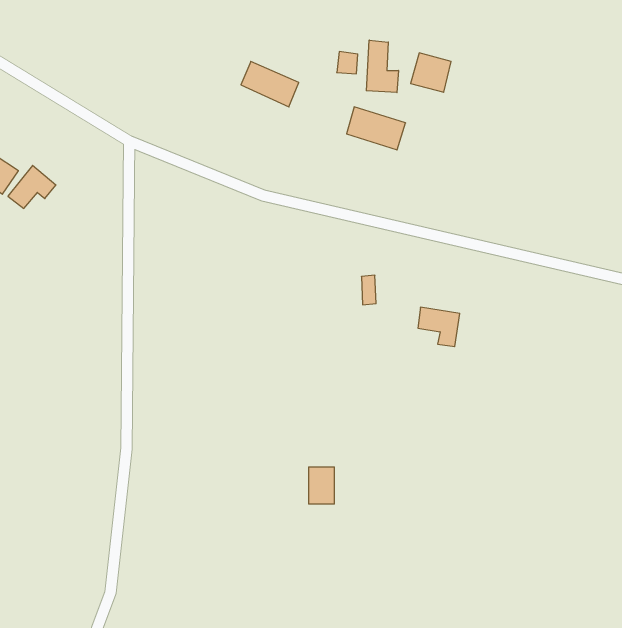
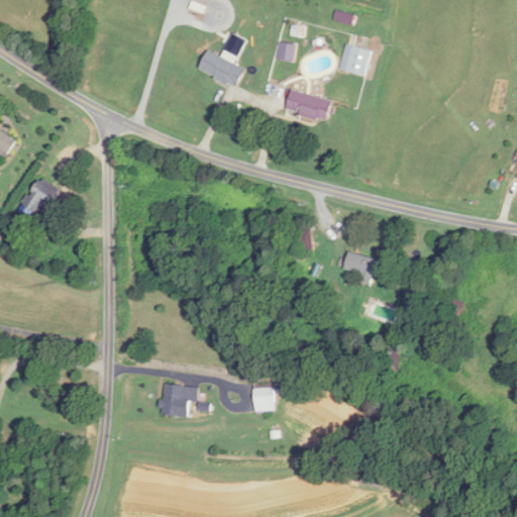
building: [366,40,398,93] -> none
building: [8,165,56,208] -> [21,178,61,213]
building: none -> [161,384,194,417]

